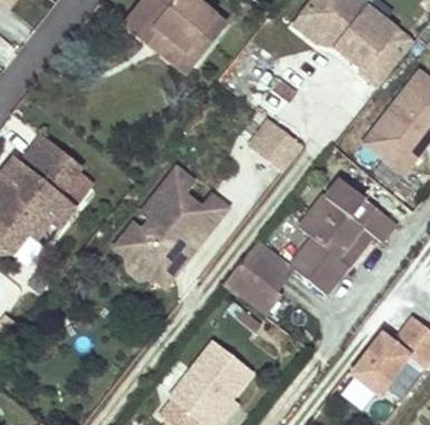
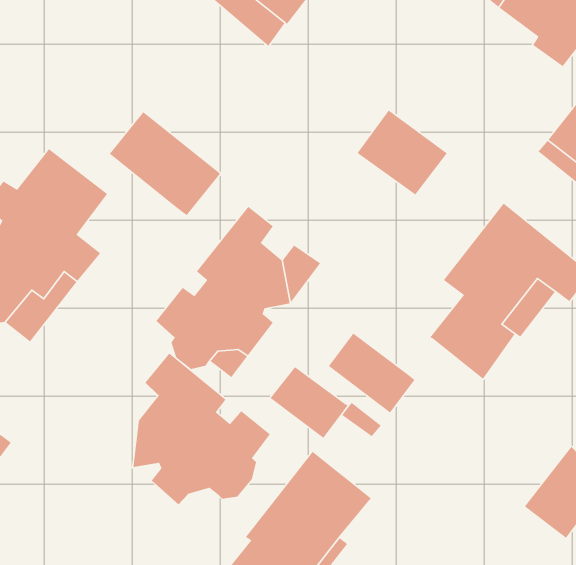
building: none -> [109,111,221,216]
building: [240,238,292,286] -> [270,366,349,439]
building: none -> [132,352,271,505]

